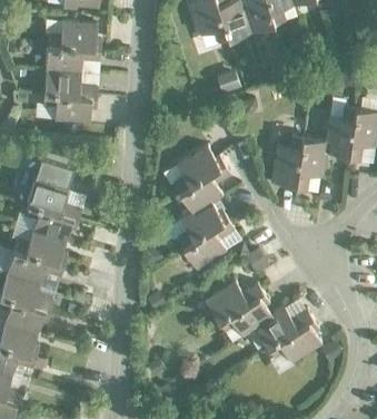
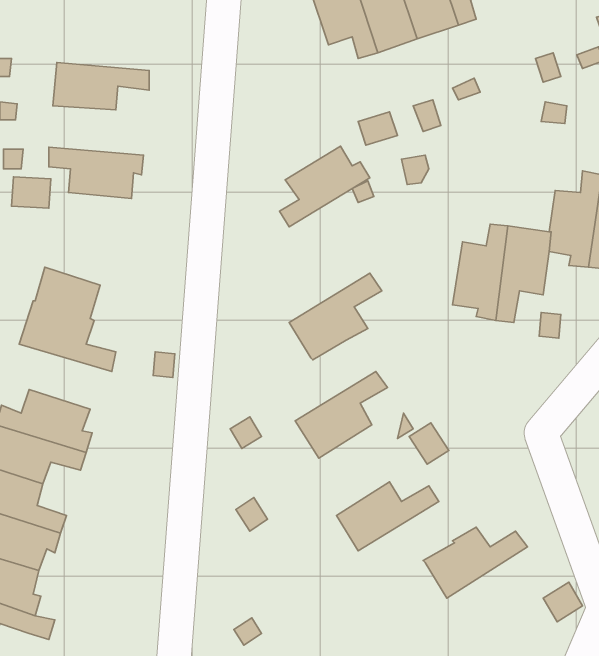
building: [47,22,100,50] -> none
building: [42,70,97,98] -> none
building: [172,147,224,193] -> [279,146,370,227]
building: [176,203,227,249] -> none
building: [23,205,78,242] -> none
building: [217,294,271,337] -> none
building: [267,320,320,363] -> none

